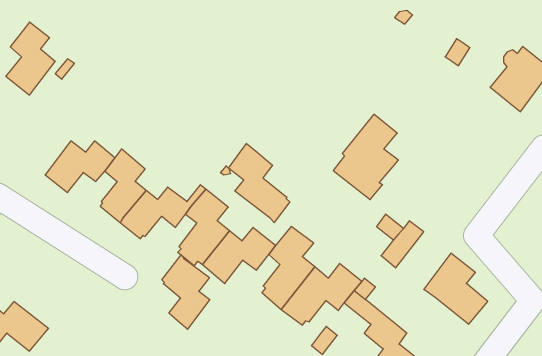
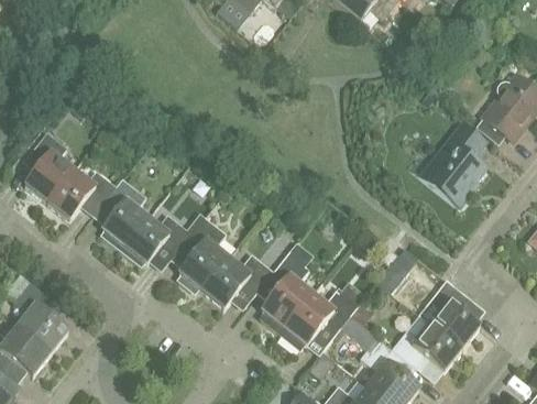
building: [6,22,55,95] -> [23,131,72,203]
building: [333,114,398,200] -> [423,123,486,207]
building: [229,143,290,223] -> none
building: [162,255,210,329] -> none
building: none -> [12,282,66,353]
building: none -> [390,323,461,371]

